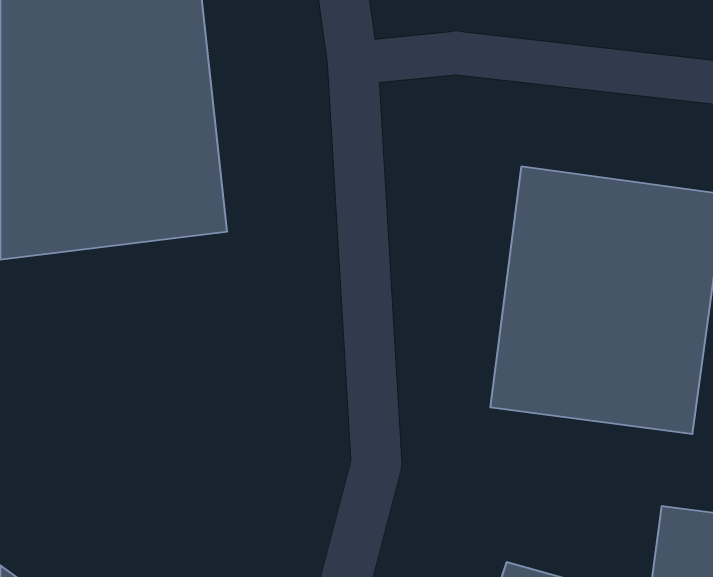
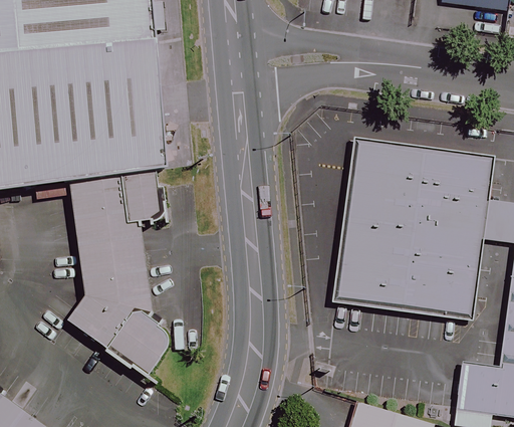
building: none -> [65,184,158,380]

